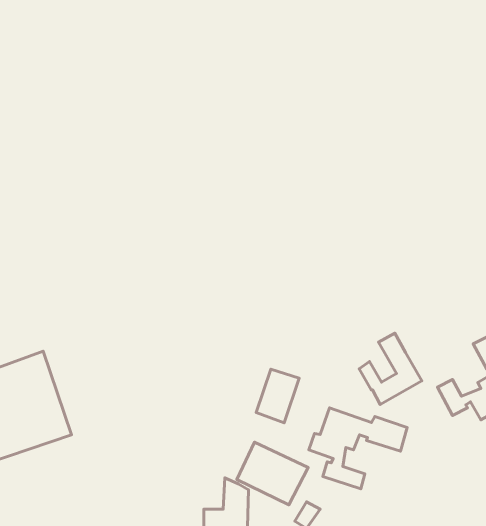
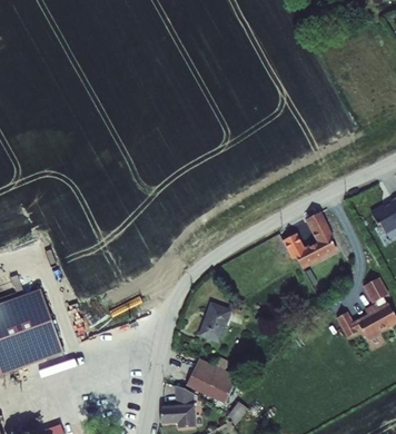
building: [359,333,422,405] -> [289,211,336,265]
building: [309,408,407,489] -> none

